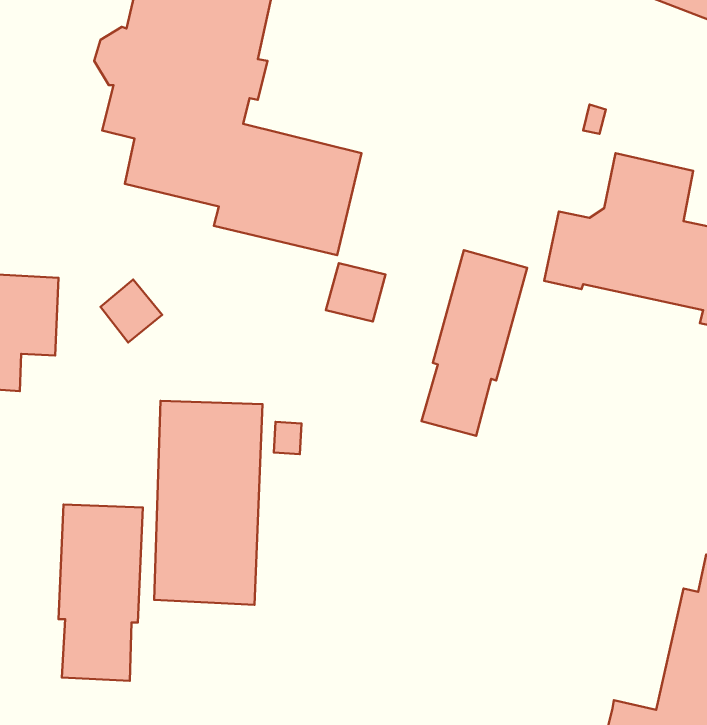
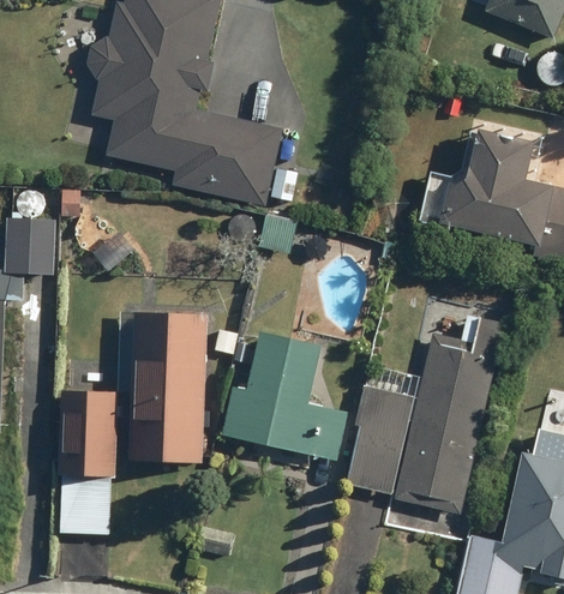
building: [422,250,527,436] -> none
building: none -> [347,316,516,541]
building: none -> [220,331,348,461]

